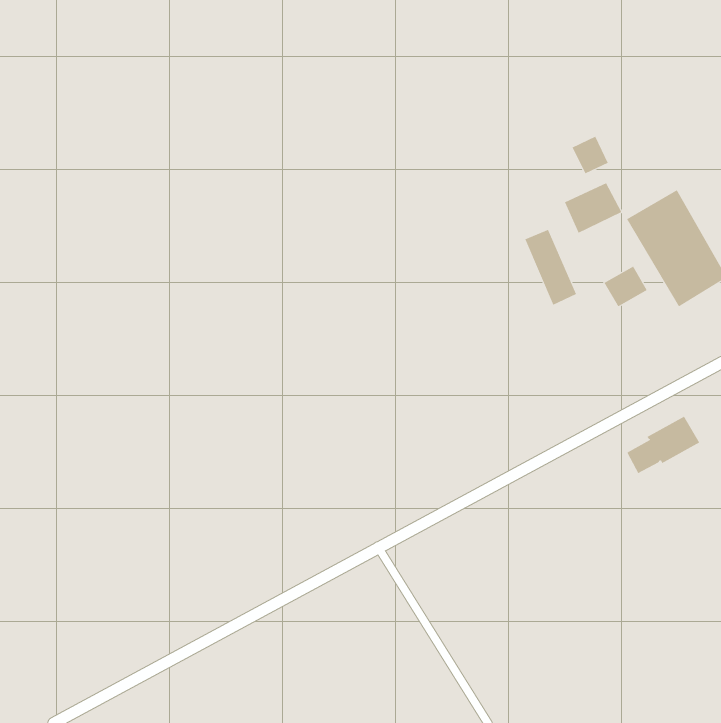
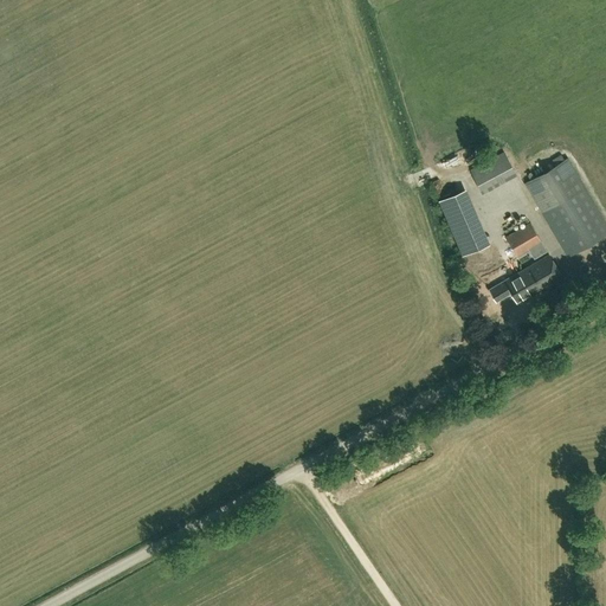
building: [572,136,609,174] -> none
building: [627,416,700,474] -> [502,256,563,304]

